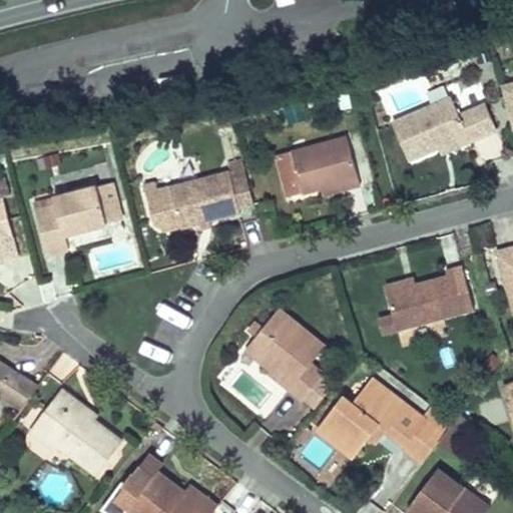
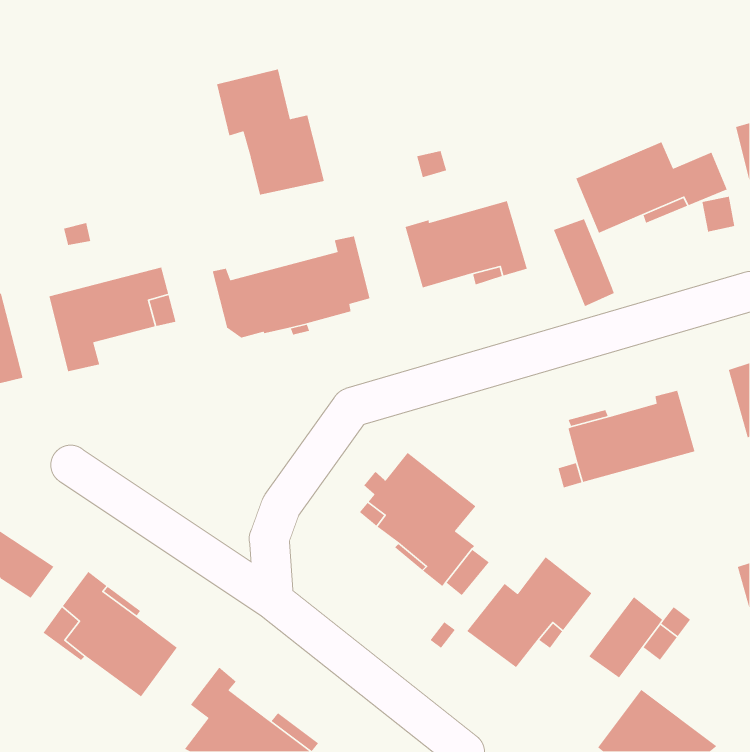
building: none -> [216,68,325,196]
building: none -> [553,218,615,307]

